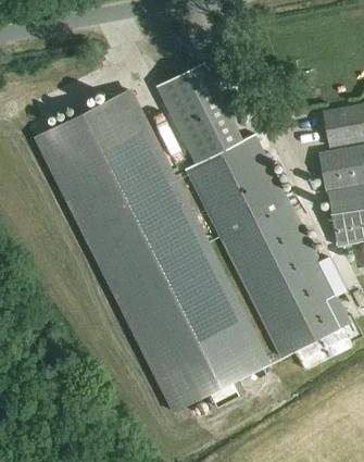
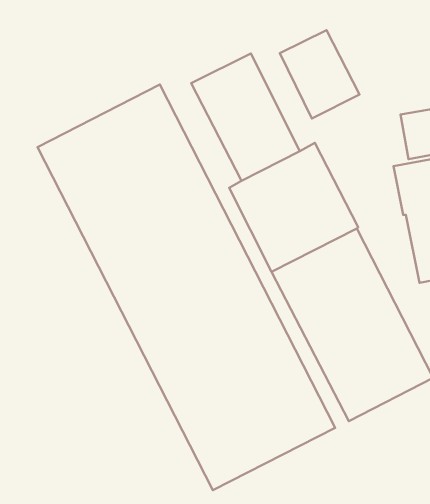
building: none -> [280,30,360,118]

